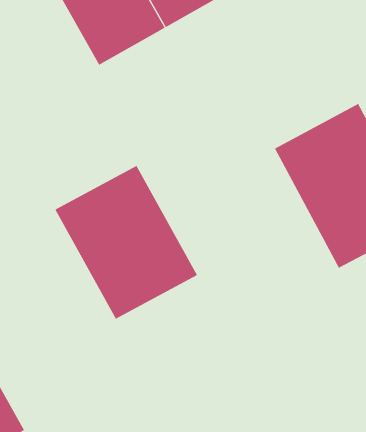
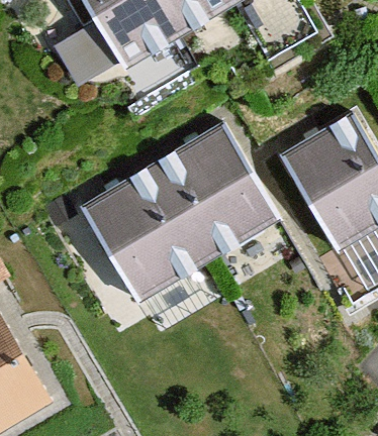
building: none -> [154,124,280,263]

